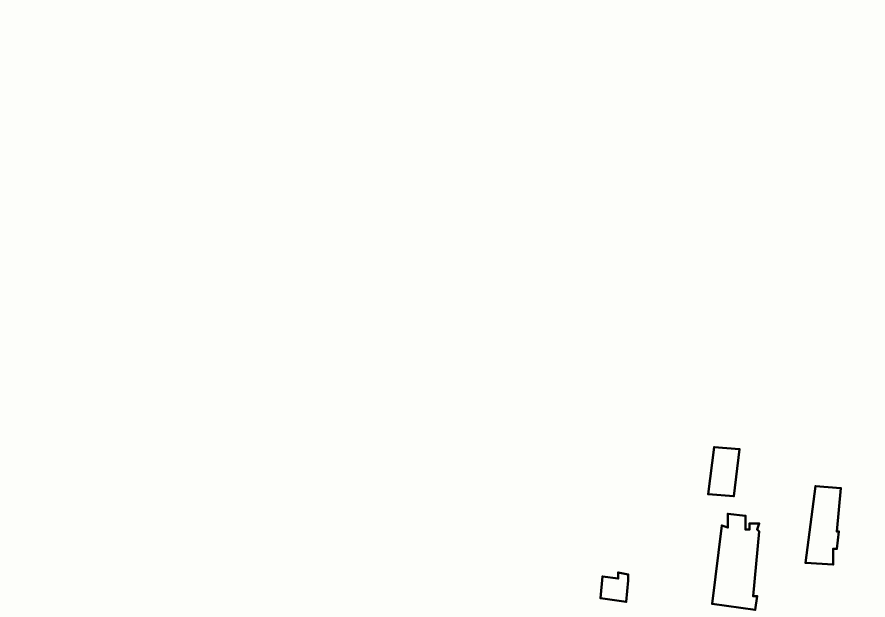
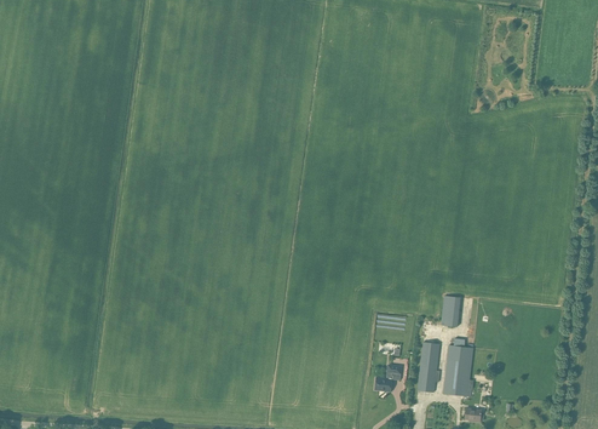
building: [806,486,841,565] -> [418,342,439,390]

